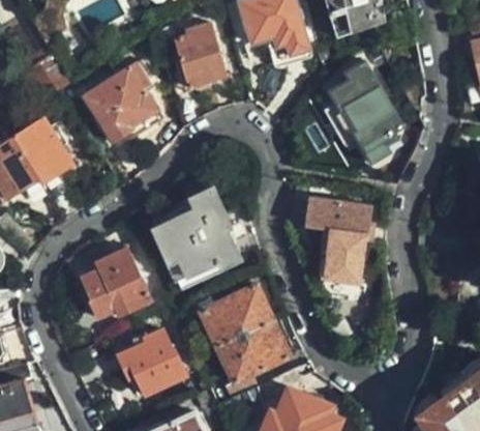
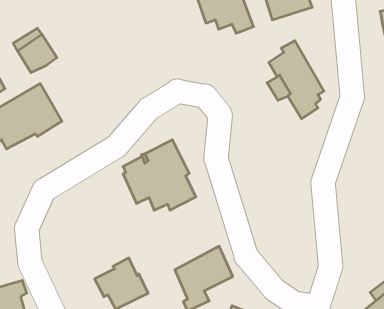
building: [176,27,229,93] -> none
building: [82,63,162,140] -> none
building: [305,199,369,286] -> none
building: [82,249,148,312] -> none
building: [185,286,271,346] -> none

